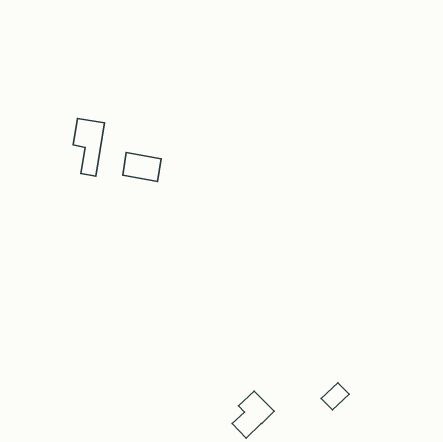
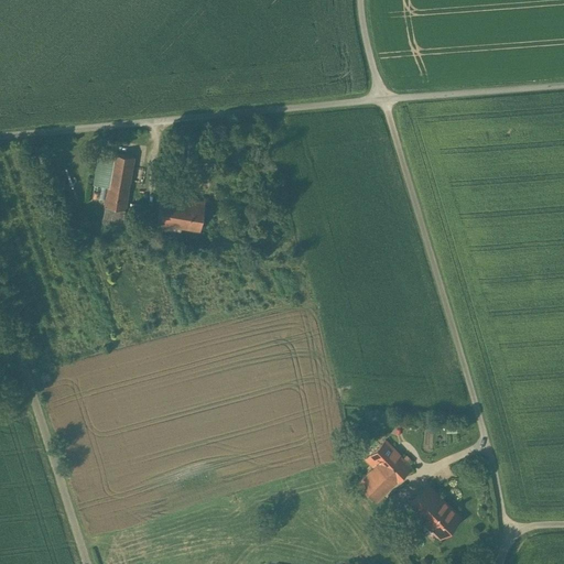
building: [232,391,274,438] -> [359,445,412,505]
building: none -> [423,502,462,541]

